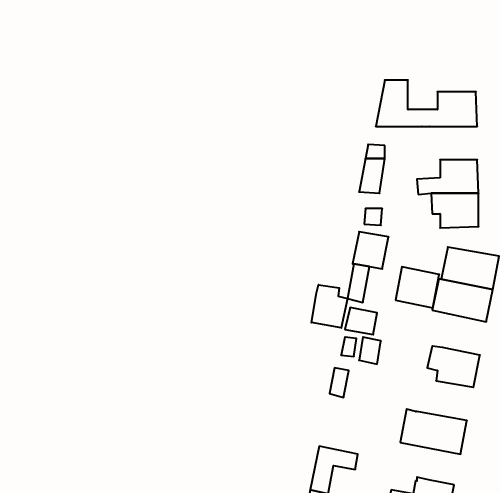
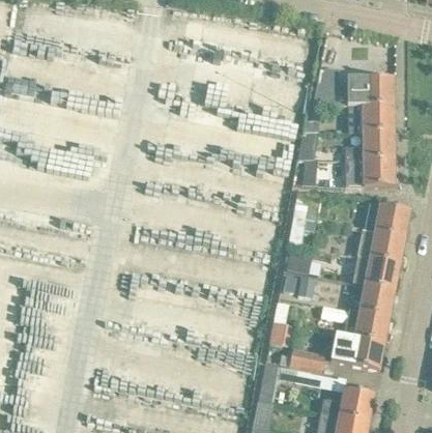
building: none -> [348,104,393,131]
building: [396,267,439,308] -> [365,255,400,288]
building: [311,285,348,328] -> none
building: none -> [344,307,390,341]
building: none -> [289,346,325,371]

